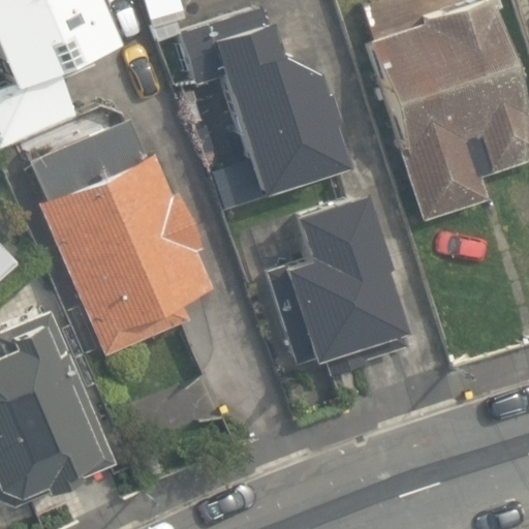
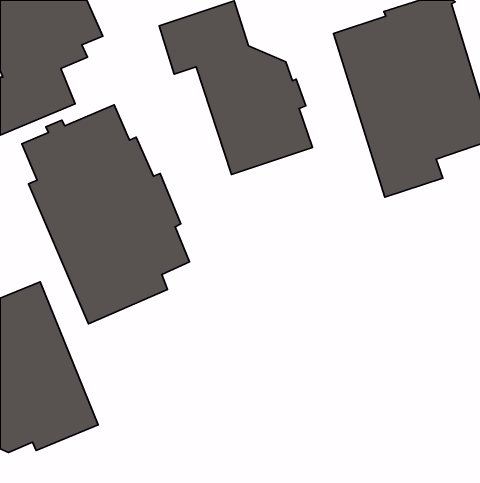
building: [268,190,403,364] -> none

